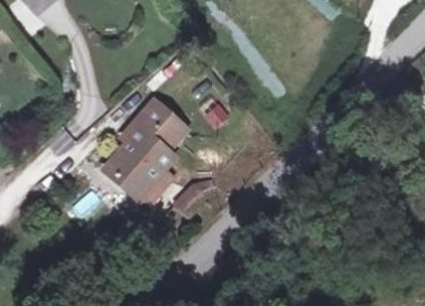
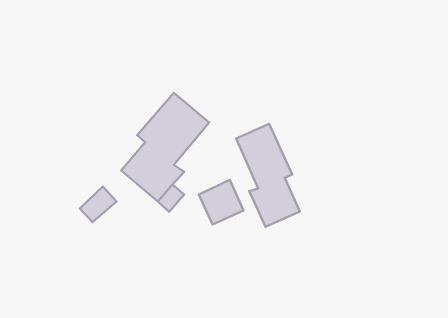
building: none -> [236,124,300,227]

